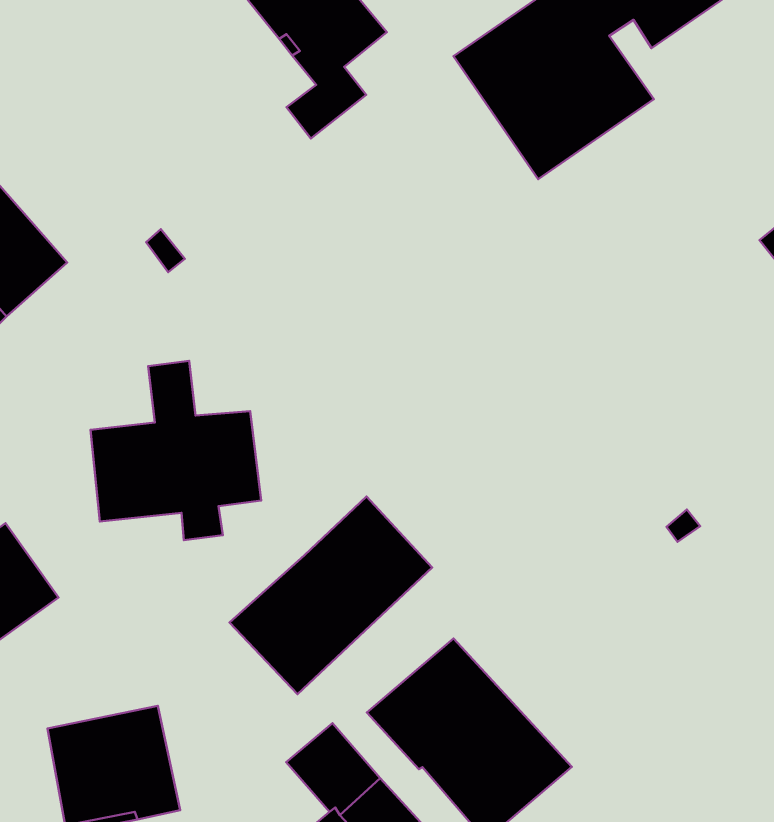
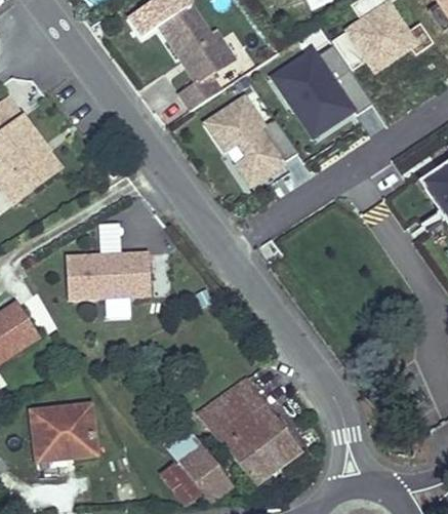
building: none -> [199,85,299,191]
building: [230,497,432,694] -> none

